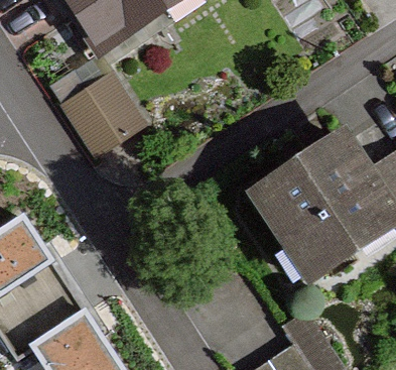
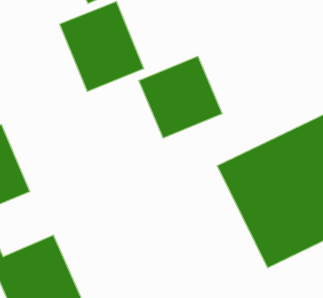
building: none -> [139,56,222,138]

